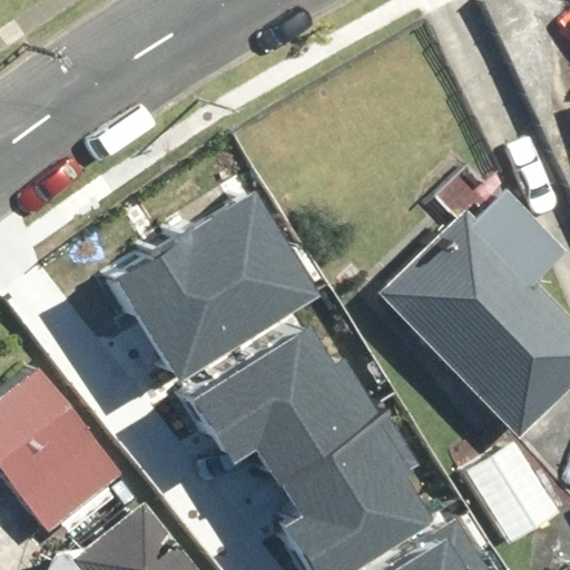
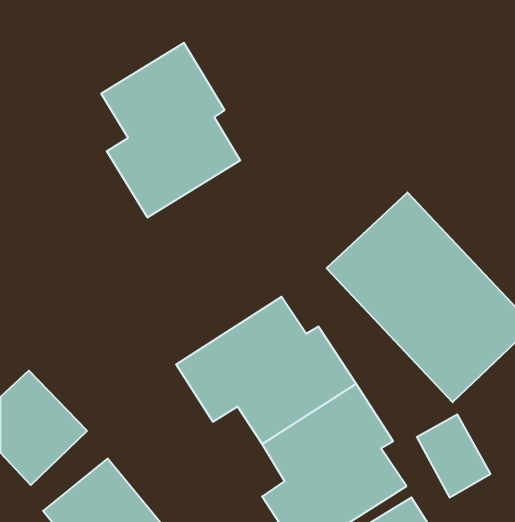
building: none -> [101,43,240,218]
building: [124,186,325,376] -> none

